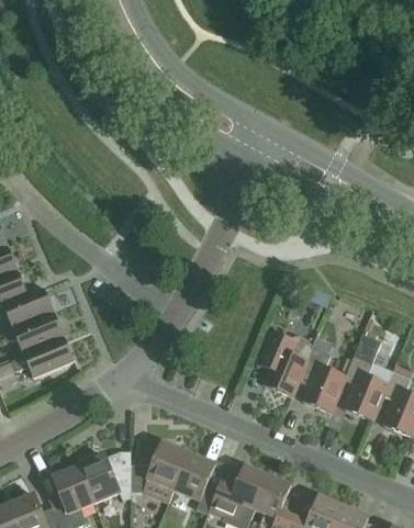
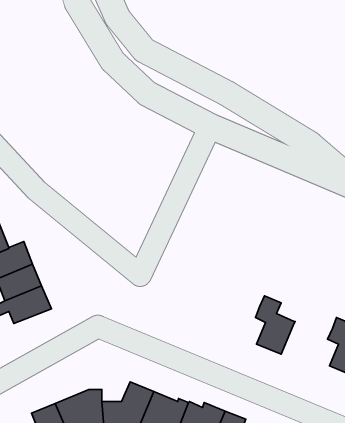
building: [257,329,306,395] -> none
building: [344,334,388,419] -> none

